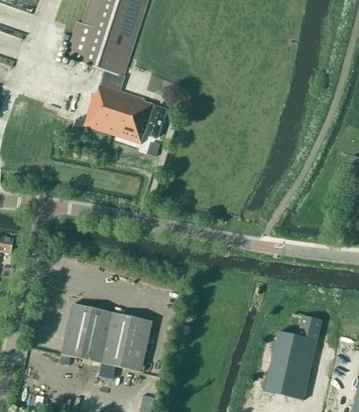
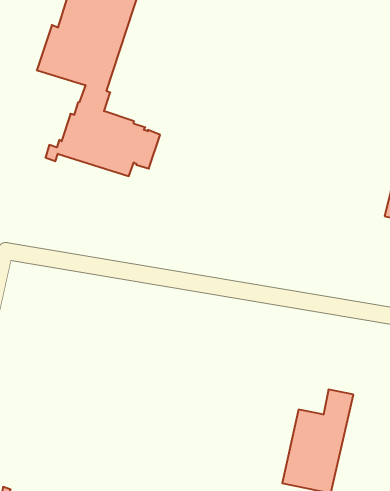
building: [62,303,152,380] -> none

